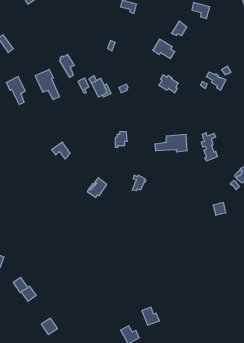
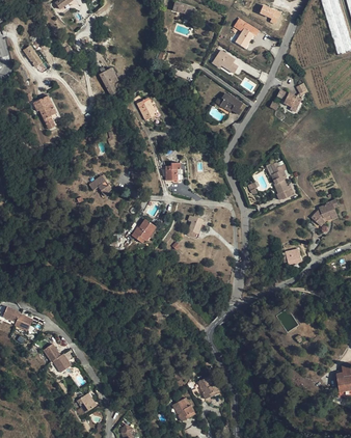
building: [35,69,59,100] -> none
building: [155,134,187,152] -> none

